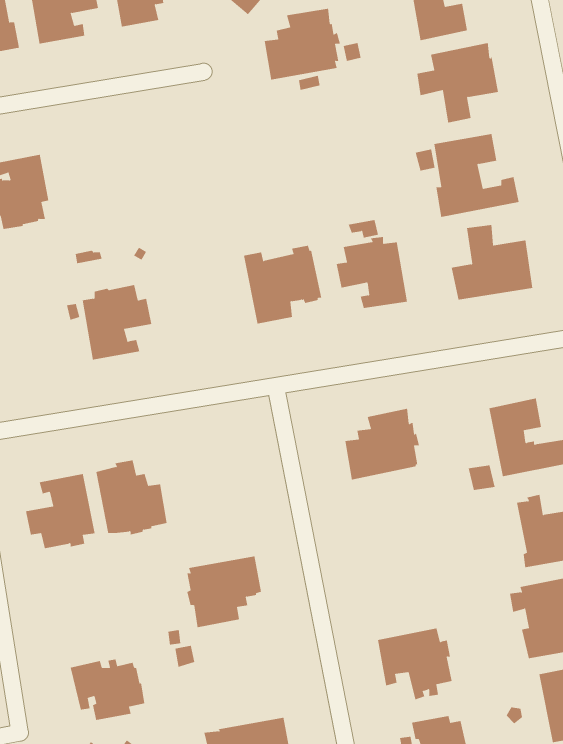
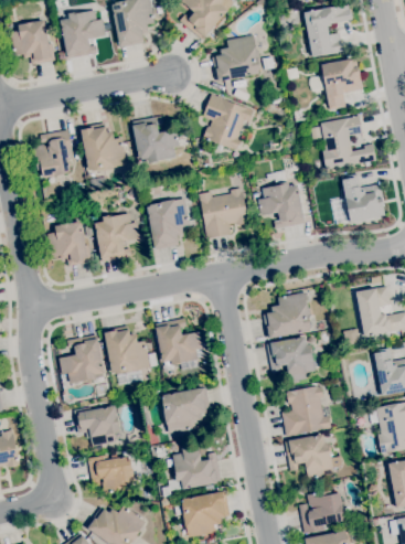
building: none -> [203,94,254,150]
building: none -> [134,116,180,163]
building: none -> [82,122,127,171]
building: none -> [147,199,190,249]
building: none -> [47,222,92,266]
building: none -> [156,318,202,372]
building: none -> [267,337,315,382]
building: none -> [281,385,331,436]
building: none -> [74,405,119,446]
building: none -> [173,444,222,490]

